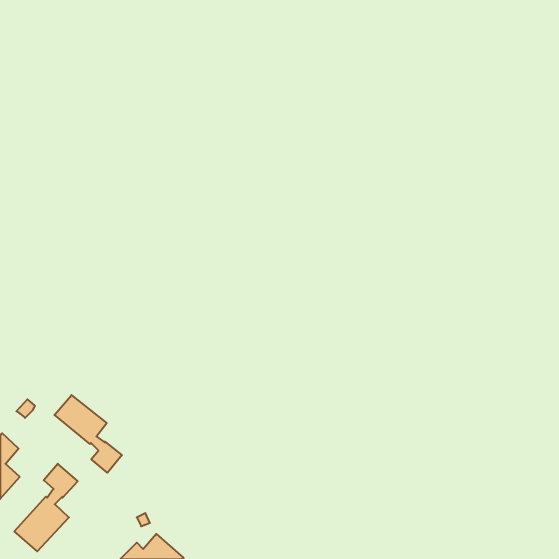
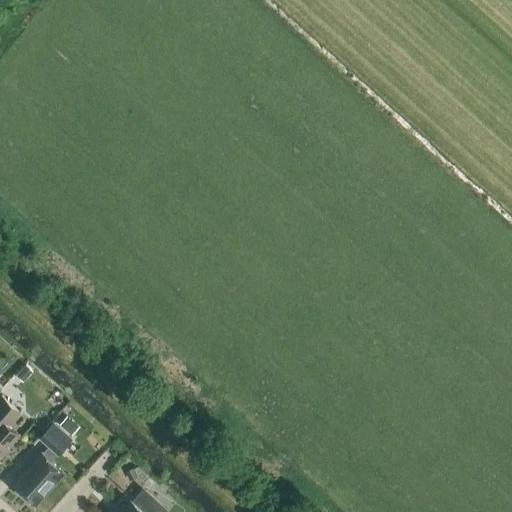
building: [54,395,122,473] -> none

